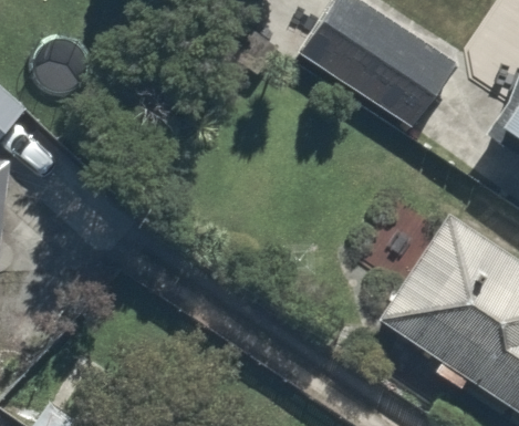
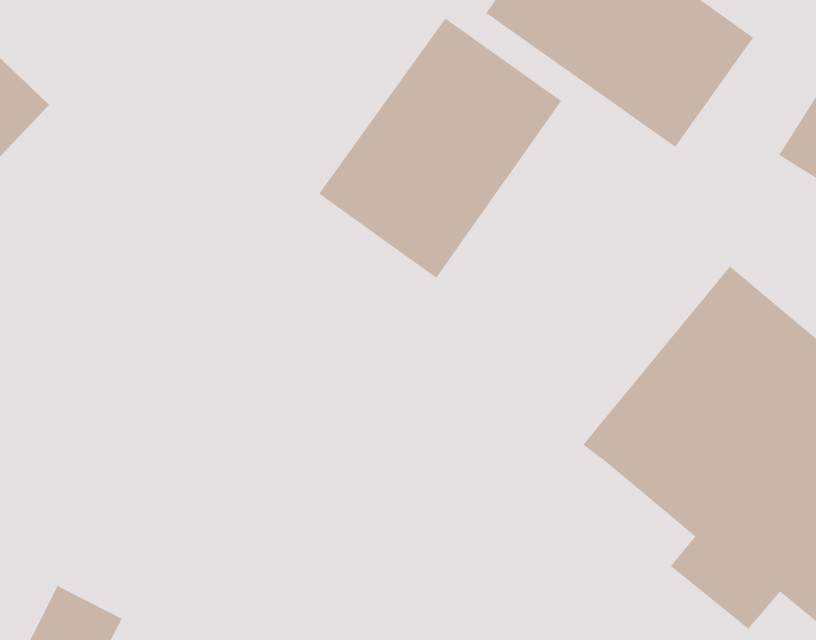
building: none -> [318,17,562,279]

